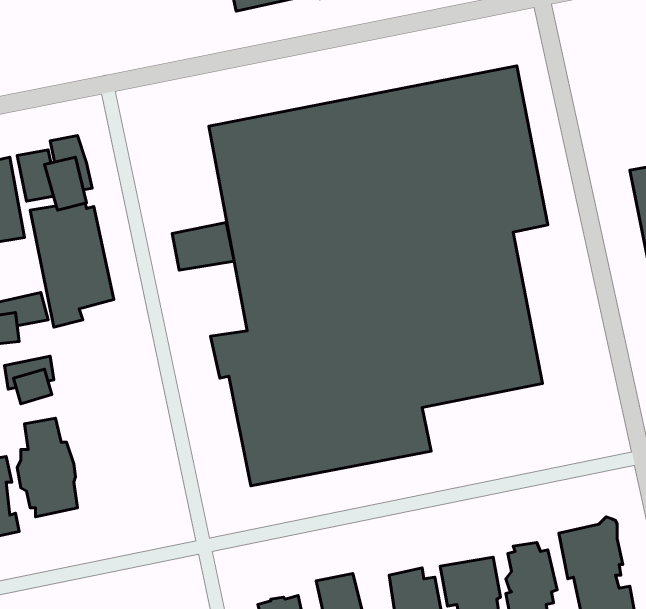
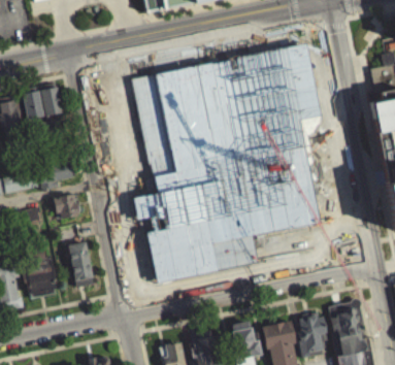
building: [172,223,234,270] -> none
building: none -> [55,194,80,219]
building: none -> [68,236,95,286]

